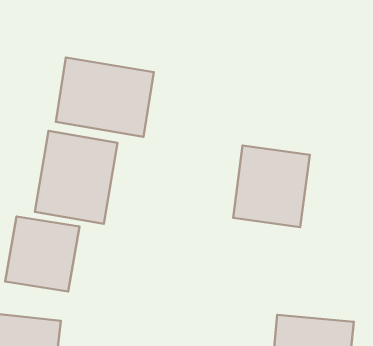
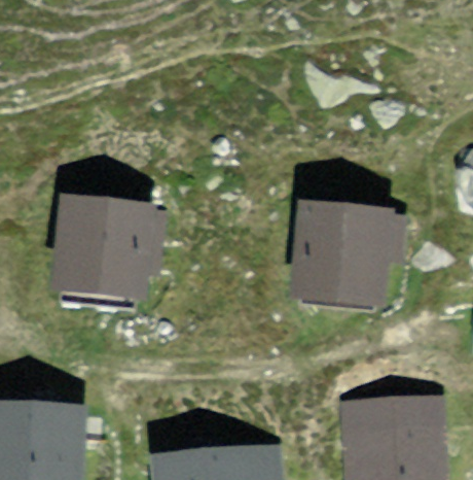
building: [56,57,154,137] -> none
building: [5,216,79,292] -> none

